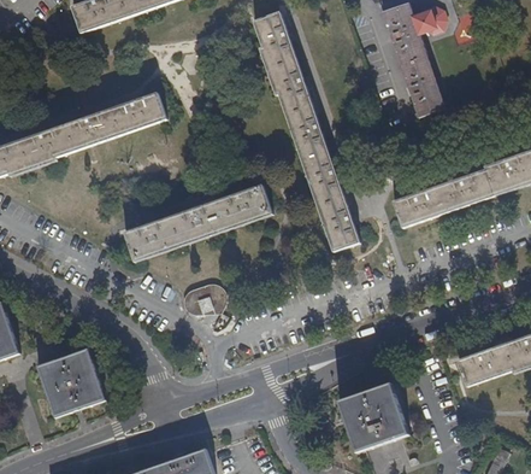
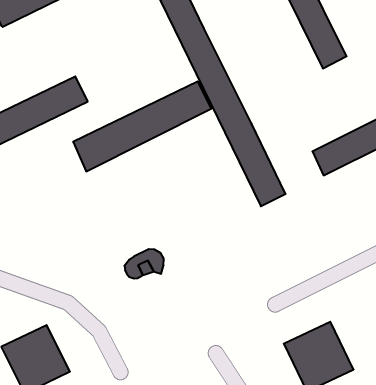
building: [120,183,270,263] -> [73,81,212,171]

